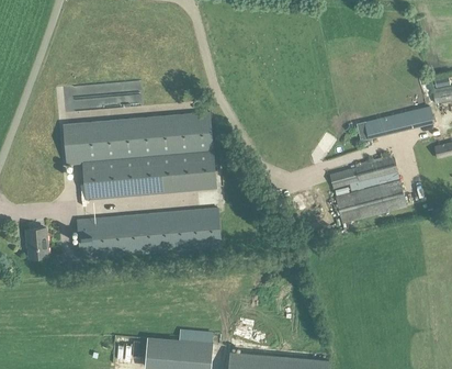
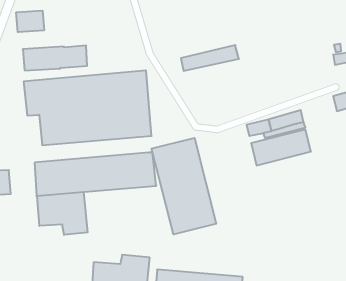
building: none -> [16,11,44,32]
building: [365,107,434,137] -> [181,45,239,71]
building: none -> [152,138,216,234]
building: none -> [37,192,88,235]

